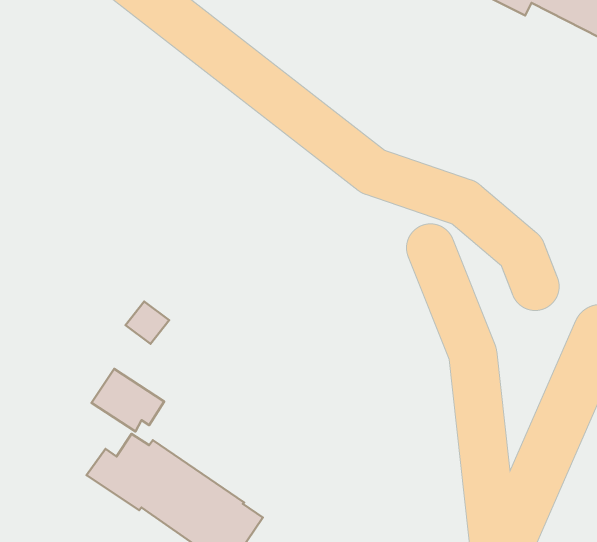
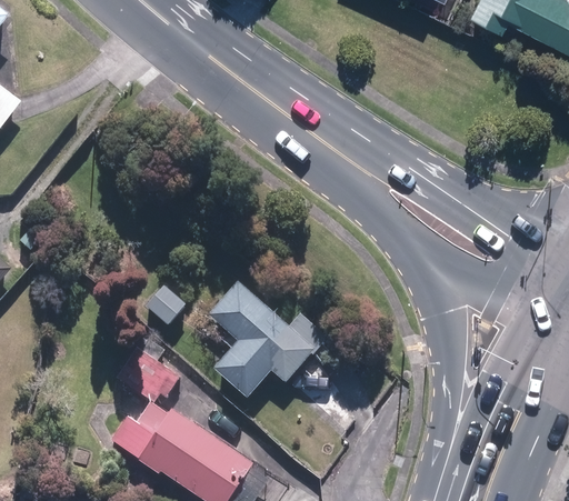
building: none -> [209,283,328,399]

